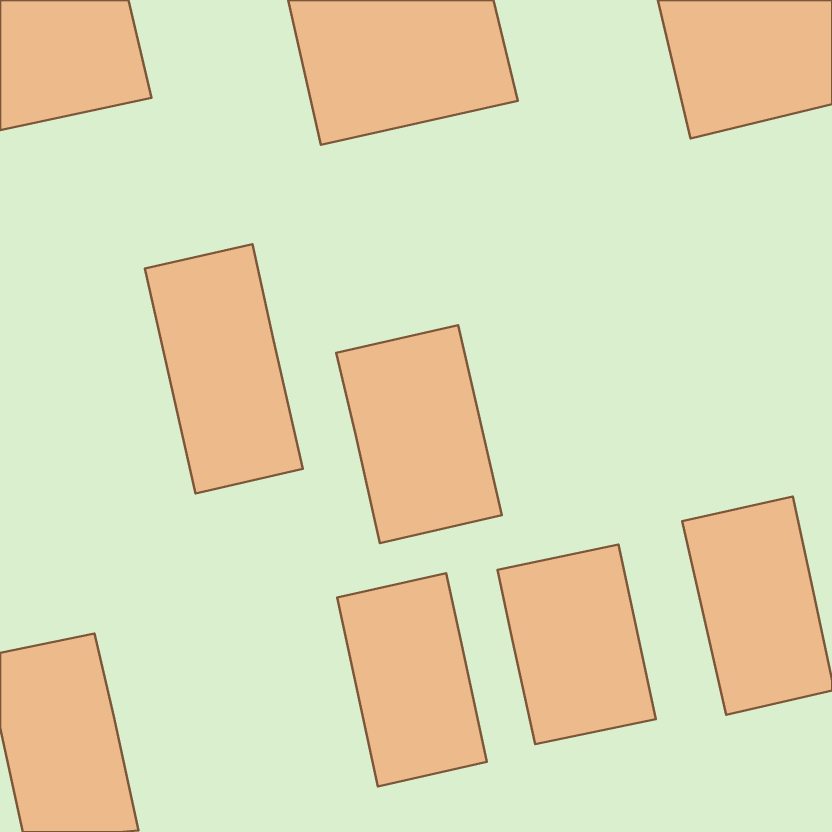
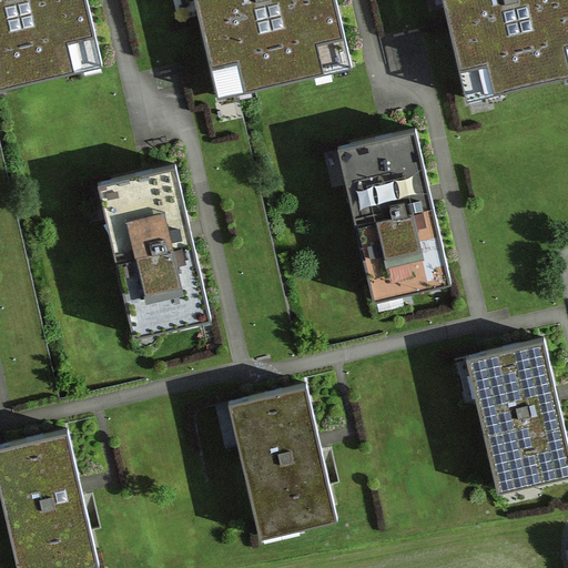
building: none -> [339,132,447,297]
building: [336,325,502,543] -> none
building: [497,545,656,744] -> none

